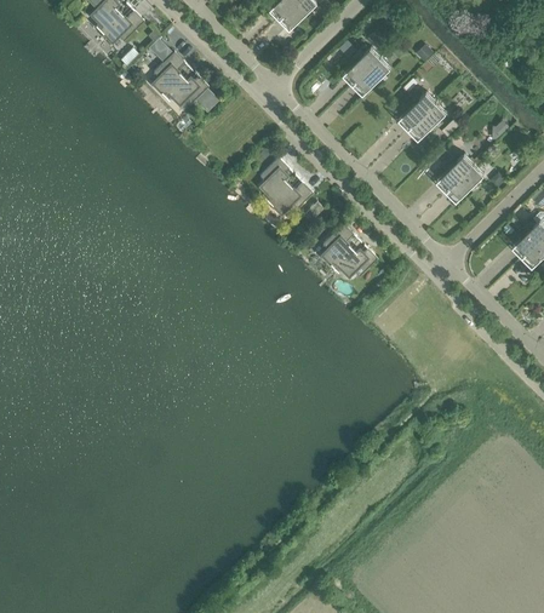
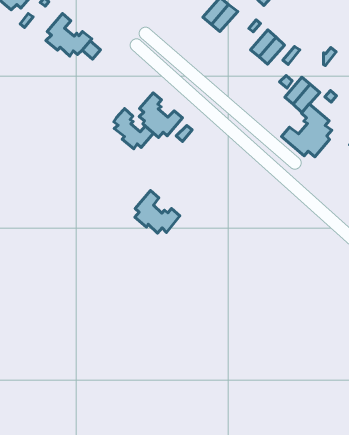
building: none -> [114,108,153,149]
building: none -> [281,104,332,157]
building: [321,225,377,279] -> [135,191,180,233]

